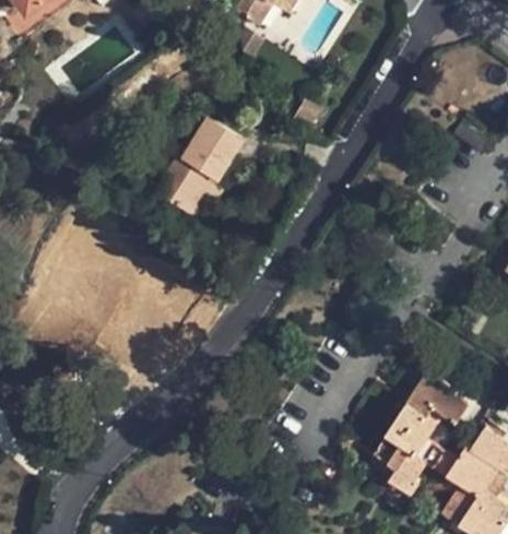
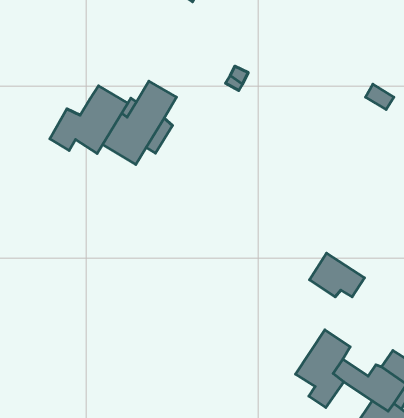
building: none -> [50,86,128,153]
building: [409,373,472,424] -> [310,253,364,297]

